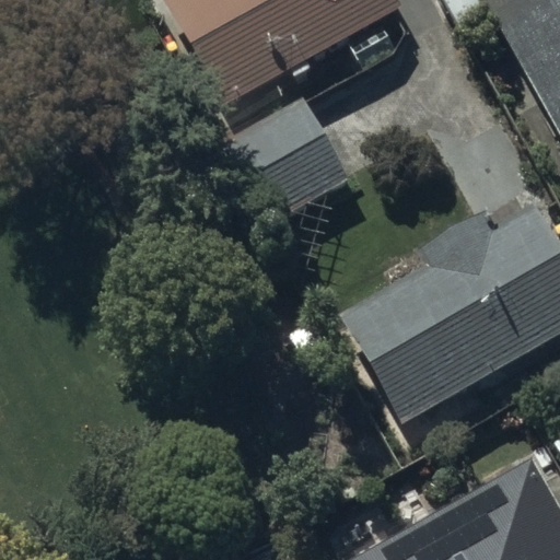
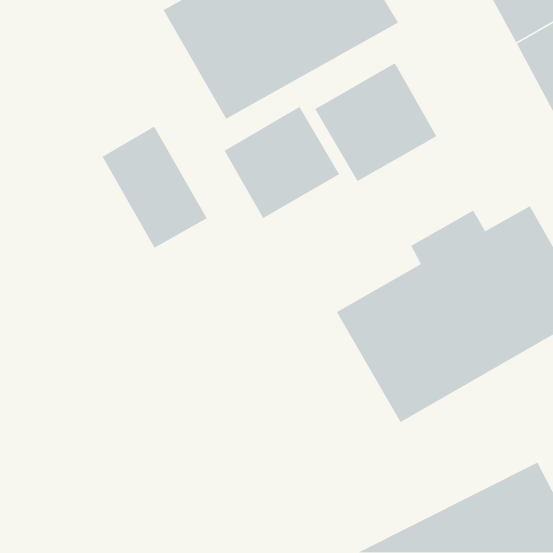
building: none -> [314,62,438,182]
building: none -> [102,126,208,249]

